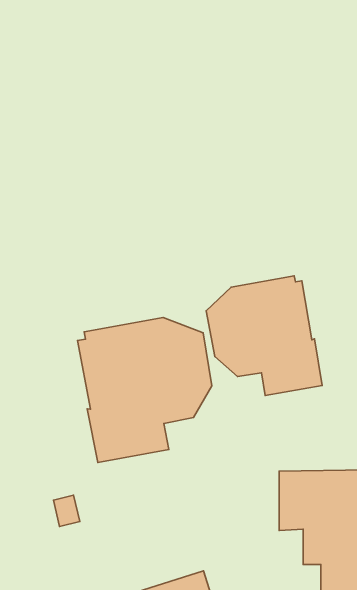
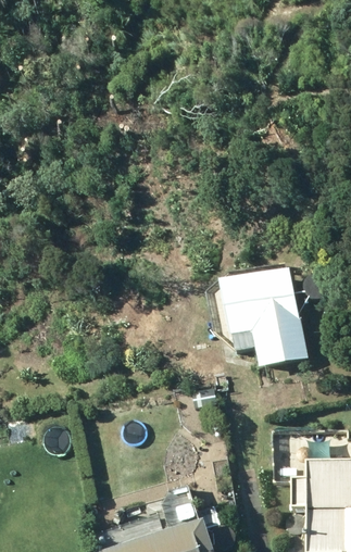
building: [78,318,212,463] -> none

